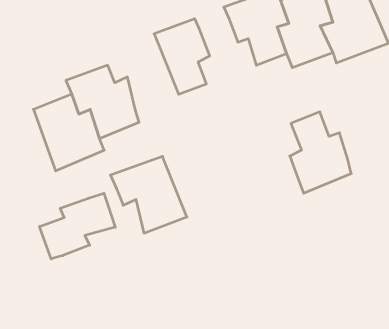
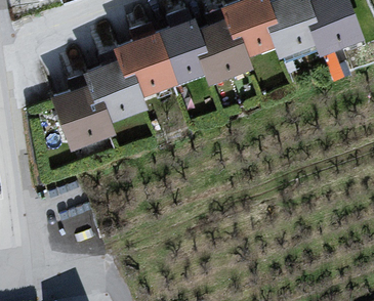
building: [290,112,351,193] -> [196,16,250,88]
building: [110,156,187,233] -> [111,31,178,98]
building: [40,193,115,259] -> none

